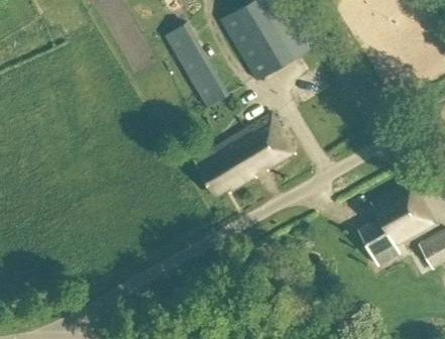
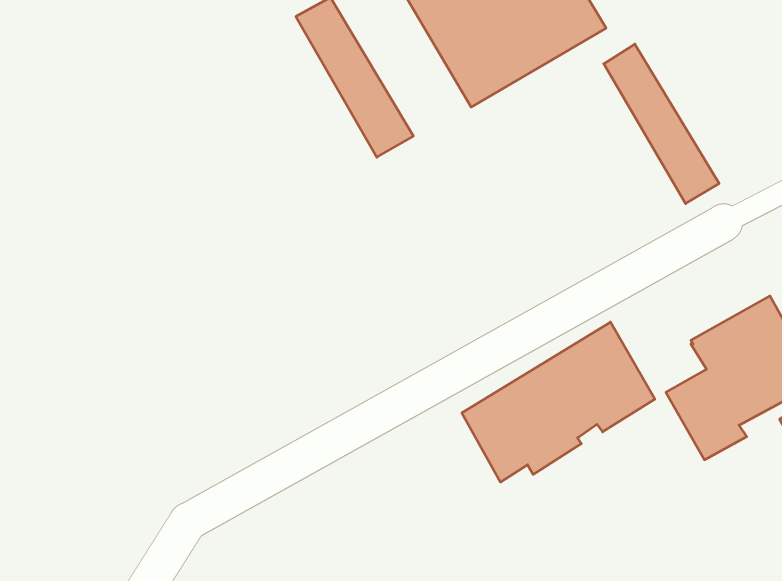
building: none -> [604,44,719,204]
building: [194,113,295,197] -> [462,322,655,482]

